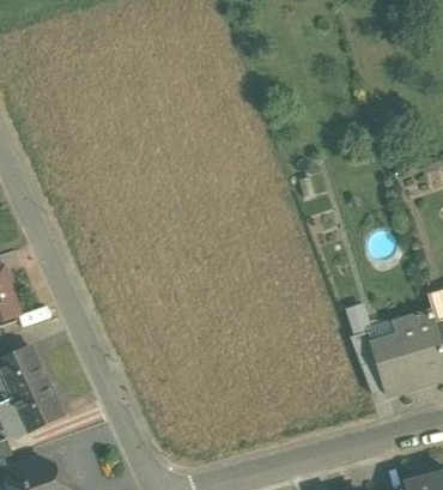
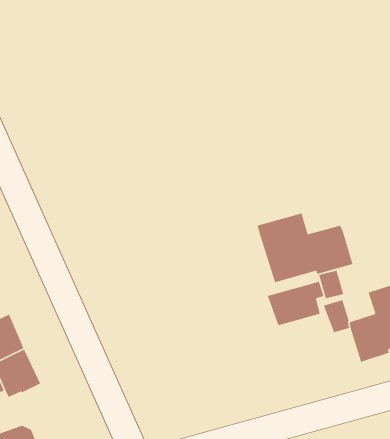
building: none -> [257,212,354,283]
building: none -> [267,281,324,326]

